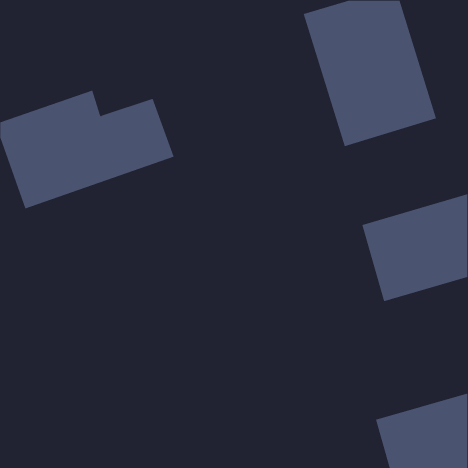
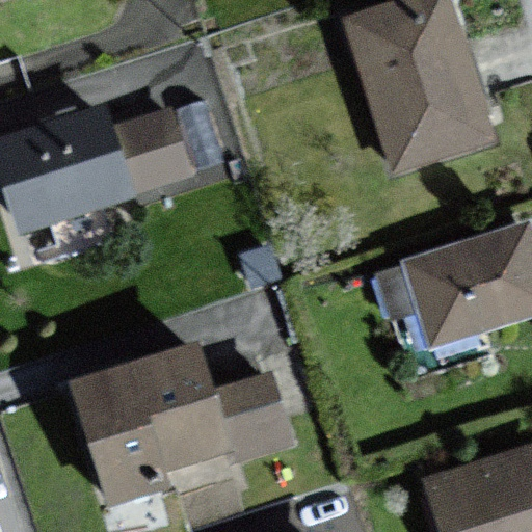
building: none -> [77,345,289,501]

